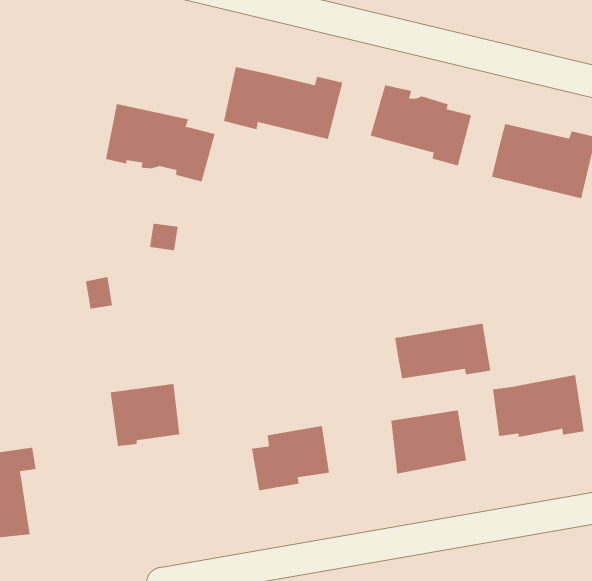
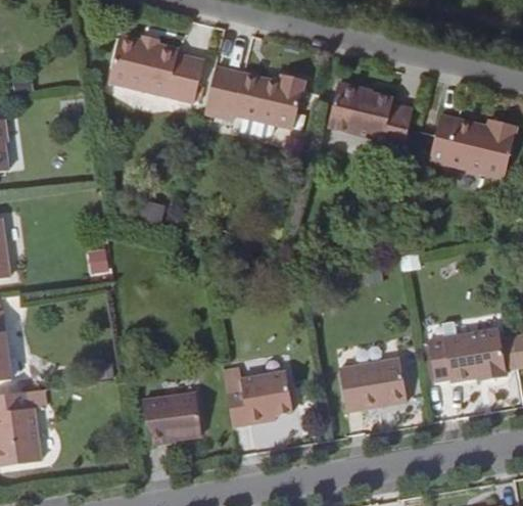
building: [105,104,216,182] -> [108,37,201,103]
building: [395,323,491,379] -> none
building: [110,384,180,447] -> [143,389,202,443]

